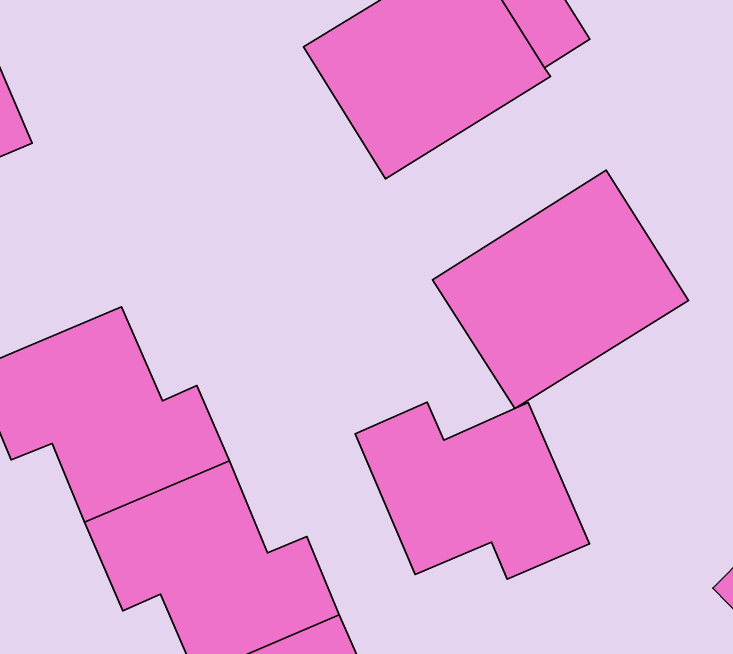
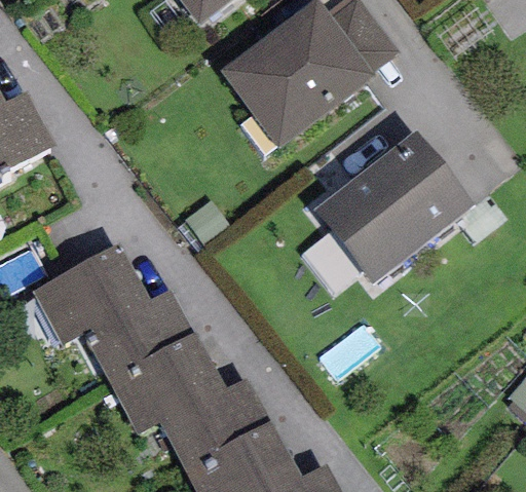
building: [355,402,590,579] -> none

